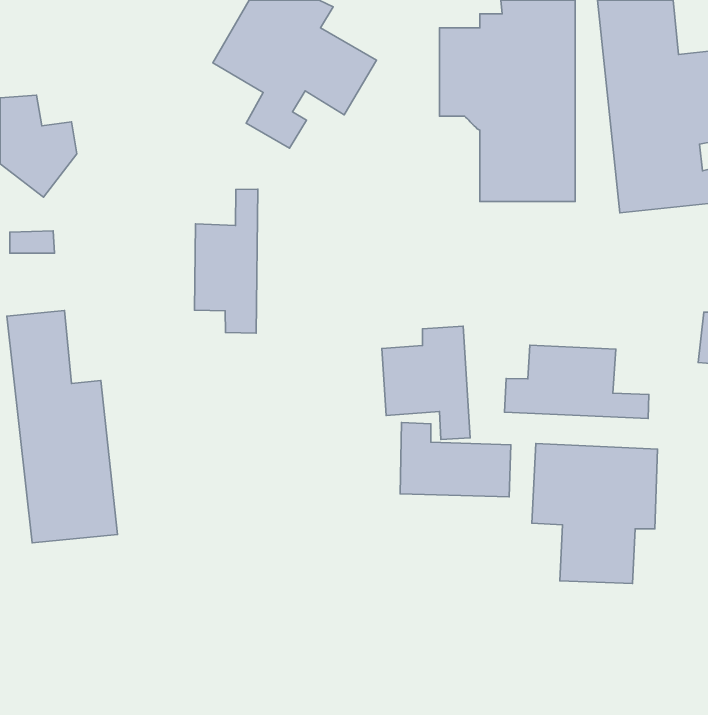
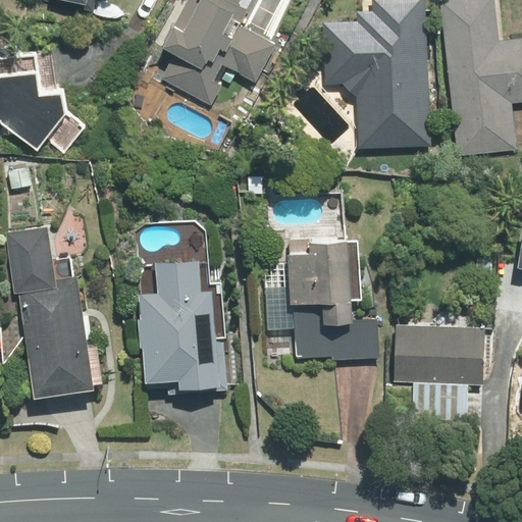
building: [194,189,258,333] -> none
building: [504,345,649,419] -> none
building: none -> [139,262,225,388]

